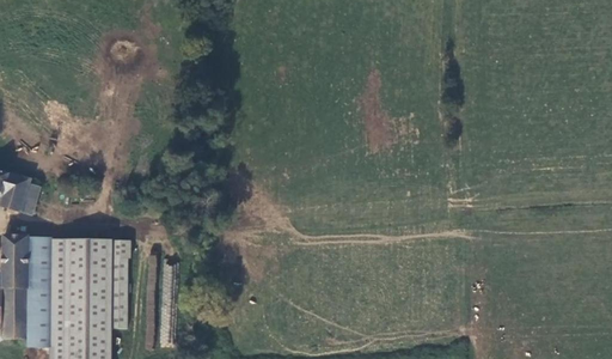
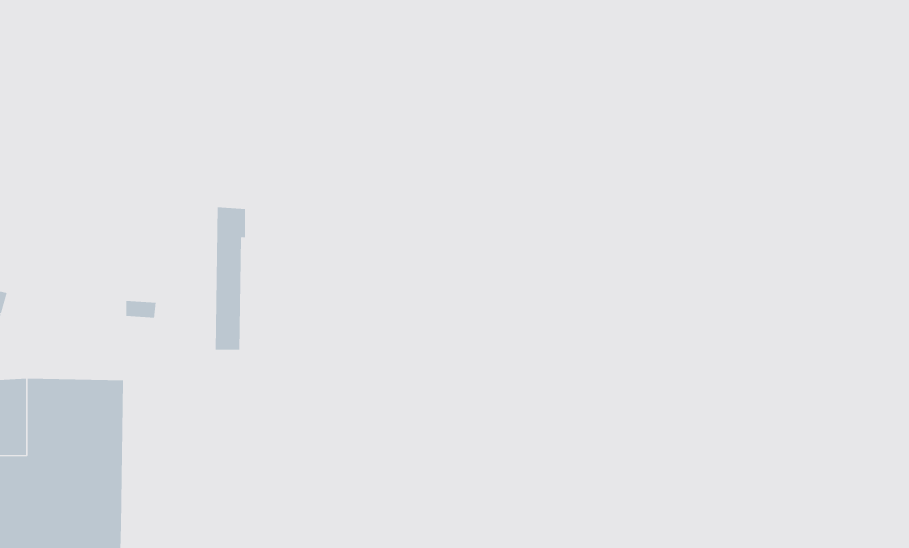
building: [109,241,128,329] -> [215,207,246,350]

